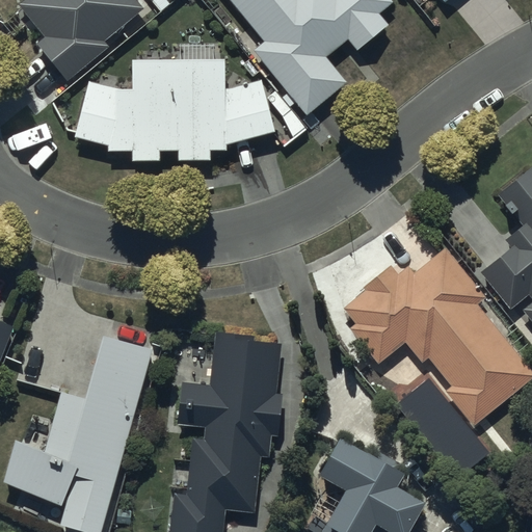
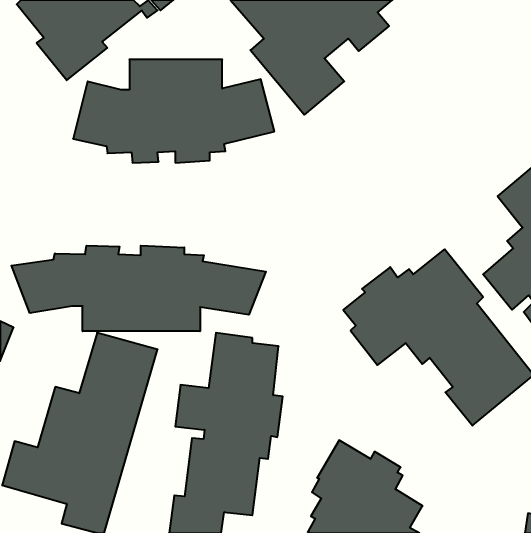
building: none -> [11,246,266,331]

